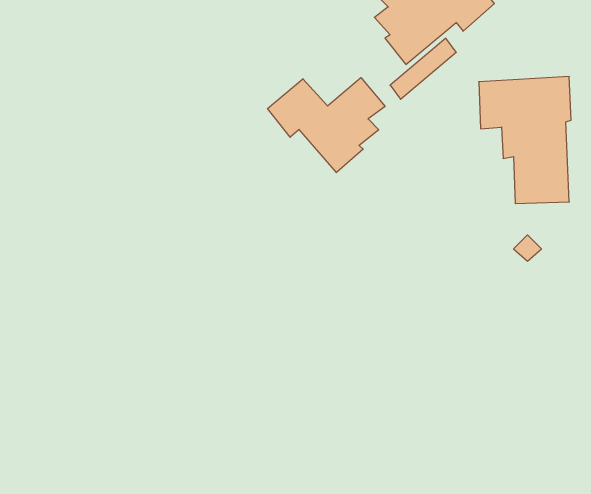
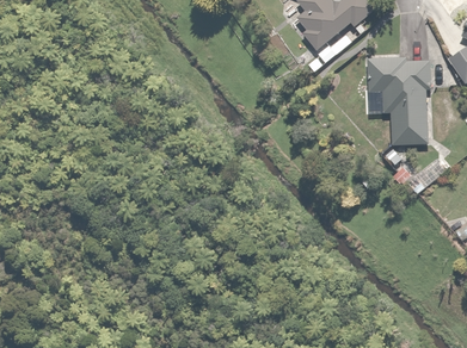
building: [268,78,385,173] -> none

